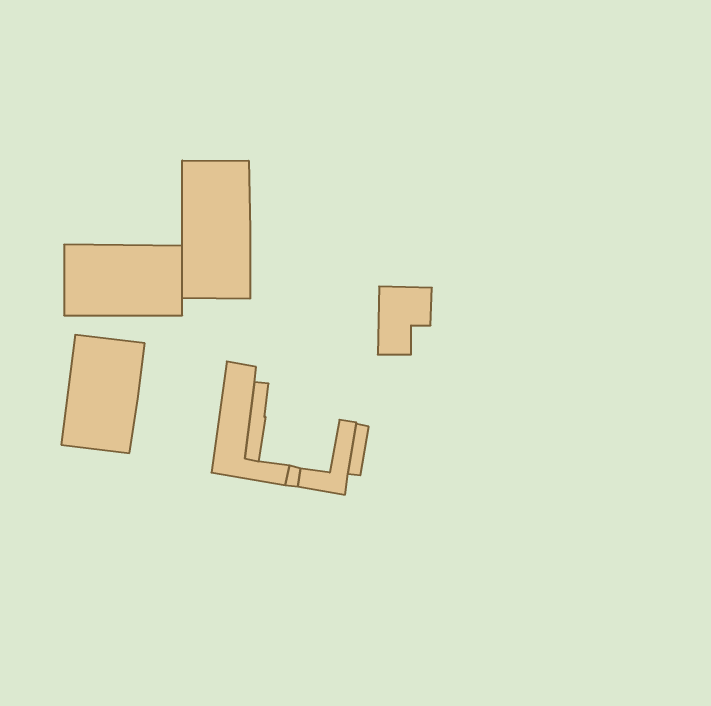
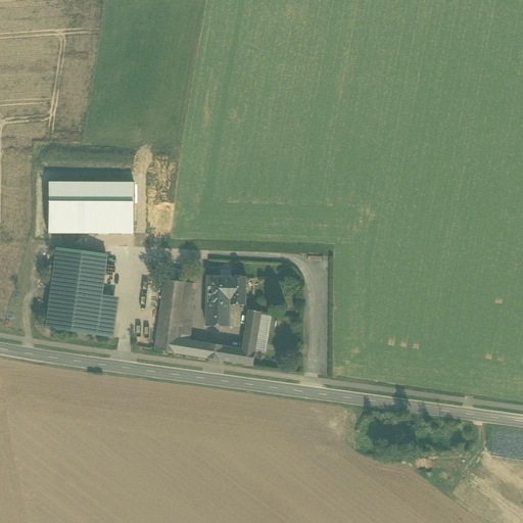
building: [182,160,250,299] -> none
building: [378,286,432,355] -> [206,274,246,324]
building: none -> [95,293,117,336]

